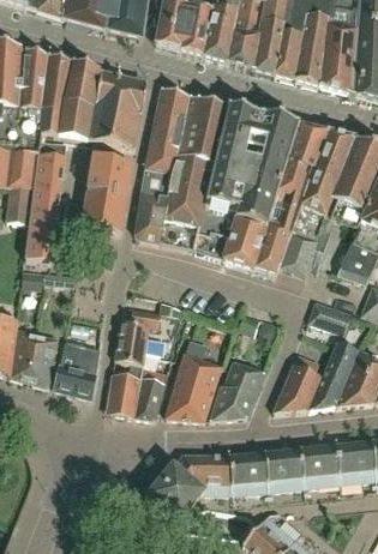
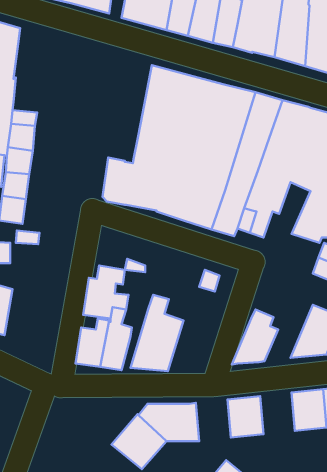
building: [41,54,146,149] -> none
building: [142,86,188,198] -> none
building: [80,156,131,233] -> none
building: [307,300,350,333] -> none
building: [31,332,59,386] -> none
building: [308,339,360,409] -> none
building: [54,342,100,397] -> none
building: [210,361,264,420] -> none
building: [304,442,341,487] -> none
building: [235,450,272,494] -> none

